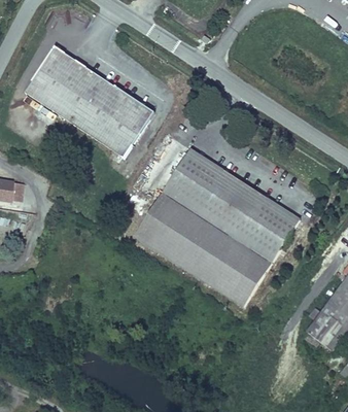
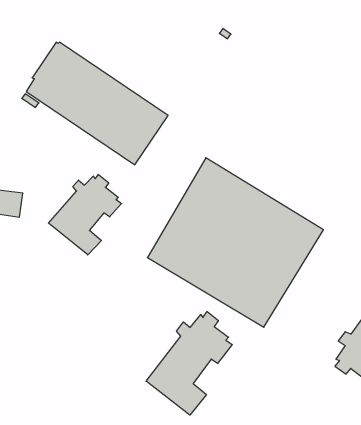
building: none -> [48,174,122,255]
building: none -> [146,312,232,415]

